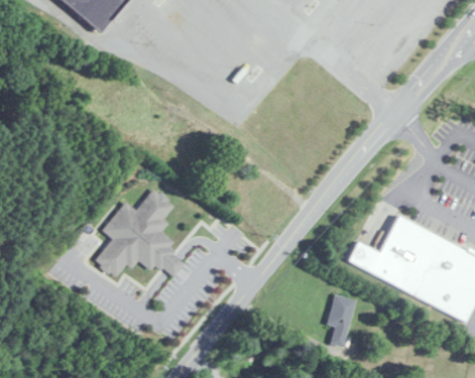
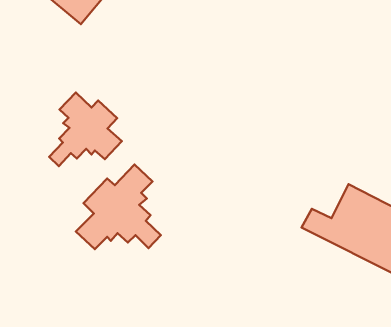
building: none -> [49,93,122,166]
building: [326,294,355,348] -> none

